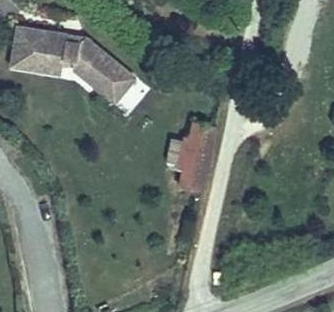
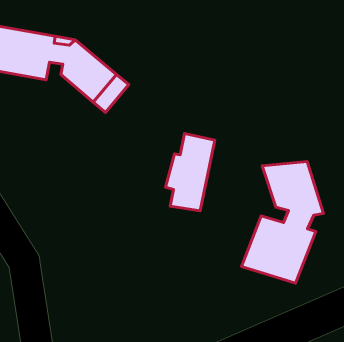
building: none -> [241,162,323,283]

